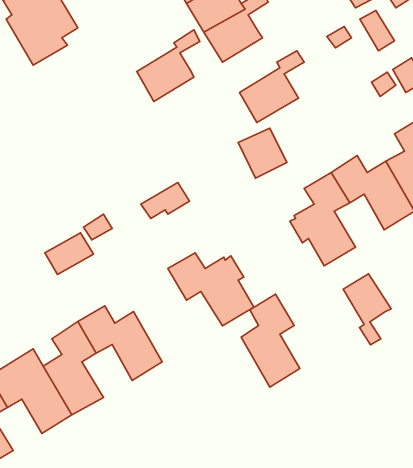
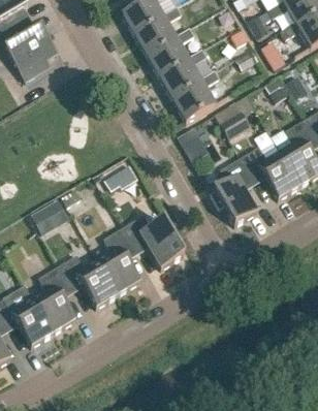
building: [137,30,200,102] -> [162,49,208,100]
building: none -> [219,109,251,140]
building: [343,274,391,345] -> none
building: [241,294,300,387] -> [98,227,140,294]

